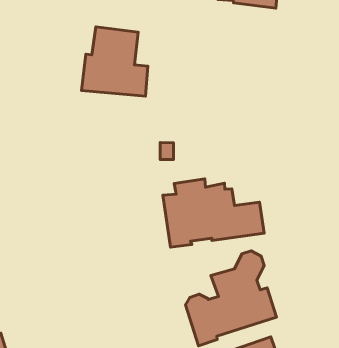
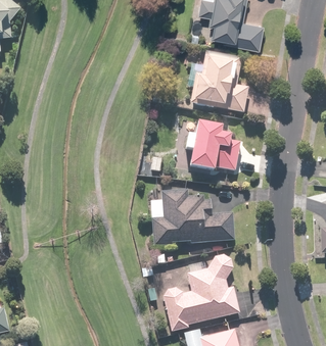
building: [81,27,148,96] -> [189,50,247,112]
building: none -> [183,121,238,171]

